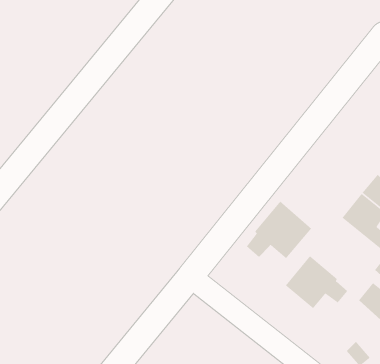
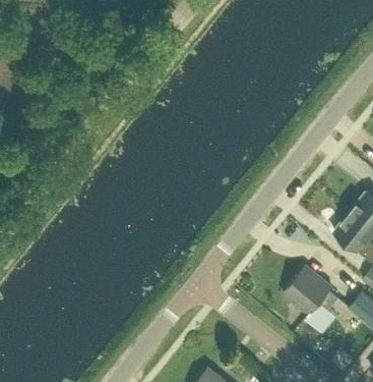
building: [246,201,312,259] -> none

